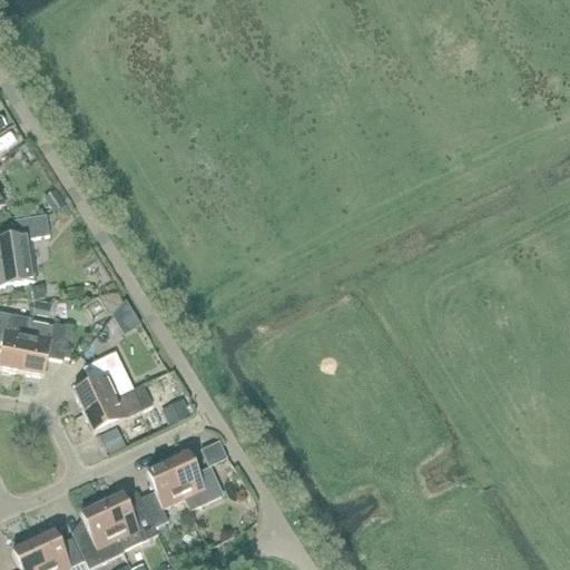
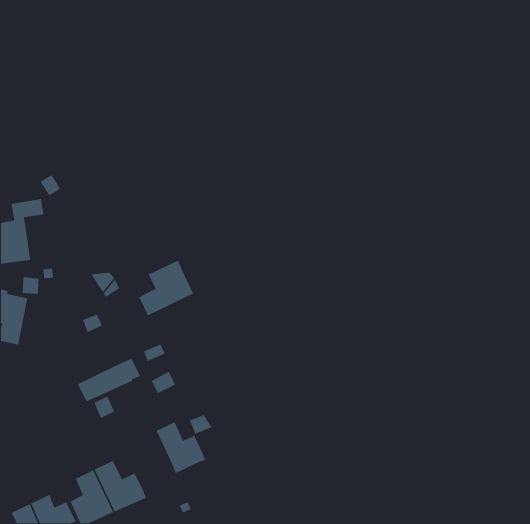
building: [20,320,70,375] -> none
building: [72,351,132,412] -> [138,260,194,317]
building: [140,462,184,527] -> none

